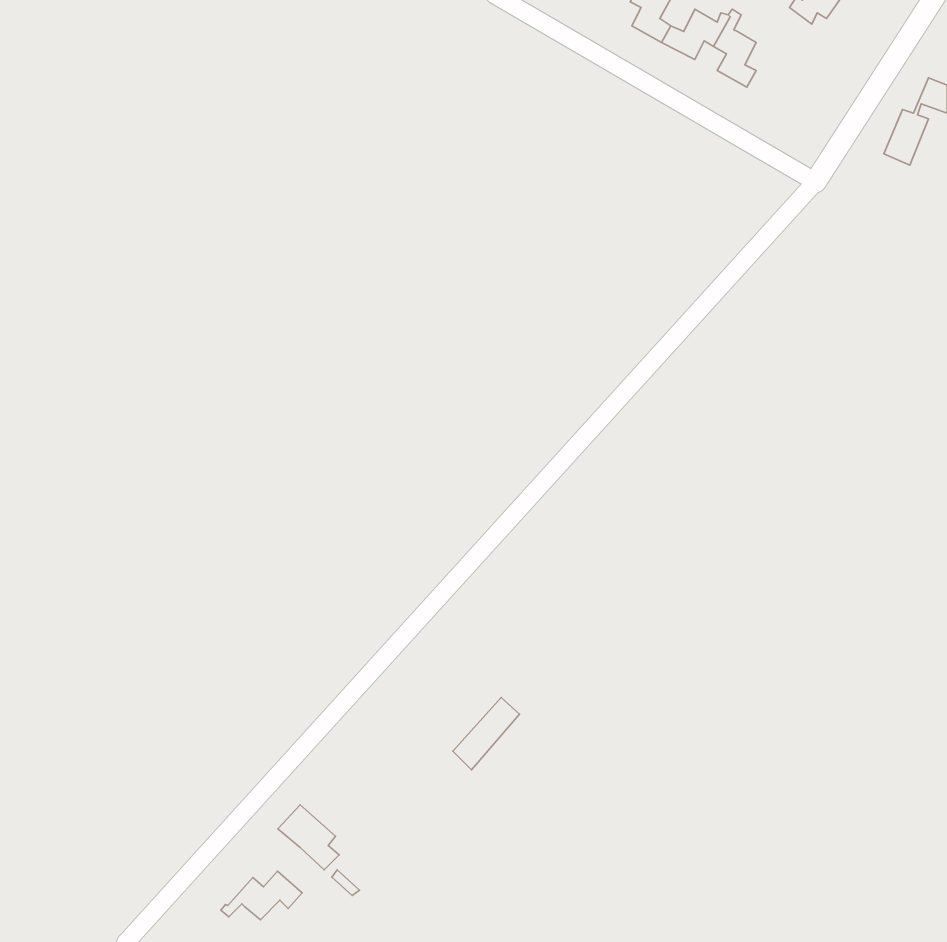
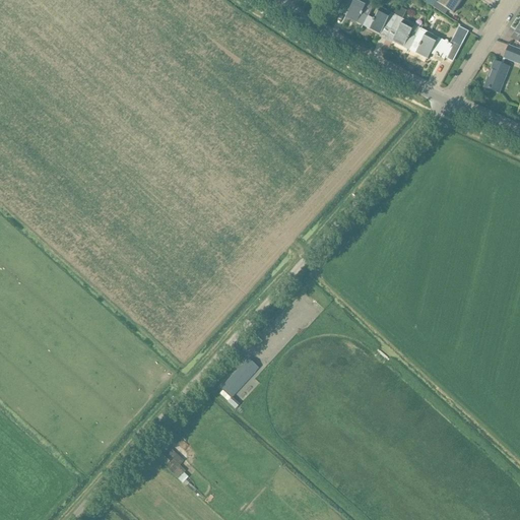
building: none -> [409,24,469,60]
building: [453,697,520,770] -> [219,360,256,399]
building: [221,871,302,920] -> none

